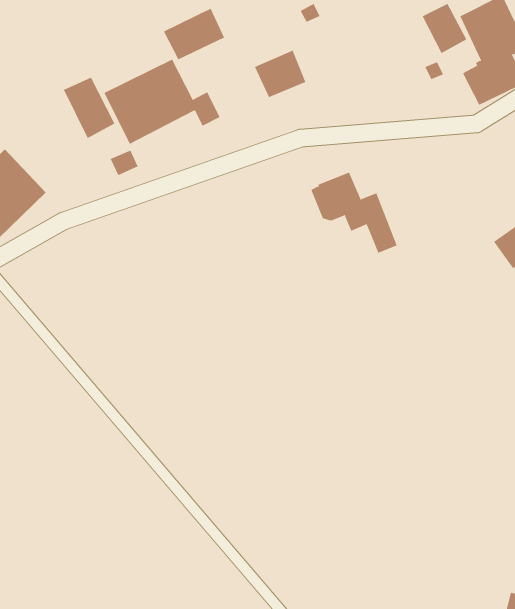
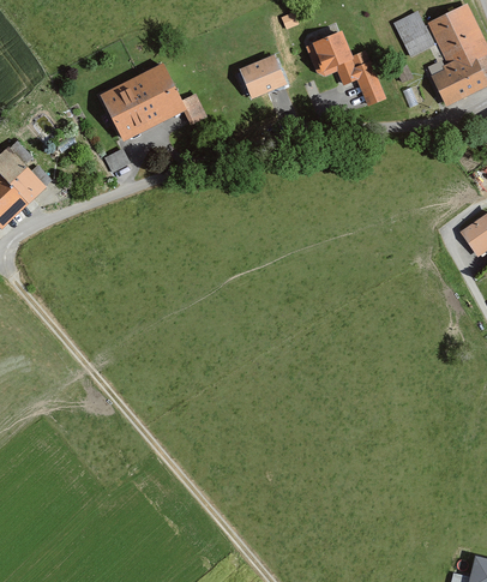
building: [163,8,225,60] -> none
building: [63,77,115,139] -> none
building: [310,172,397,253] -> [306,30,386,106]

